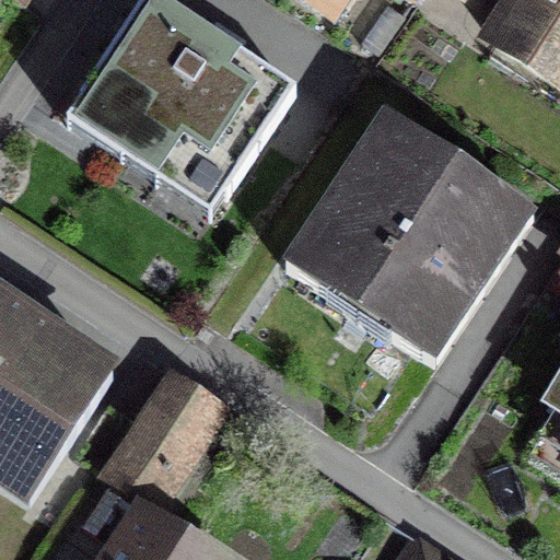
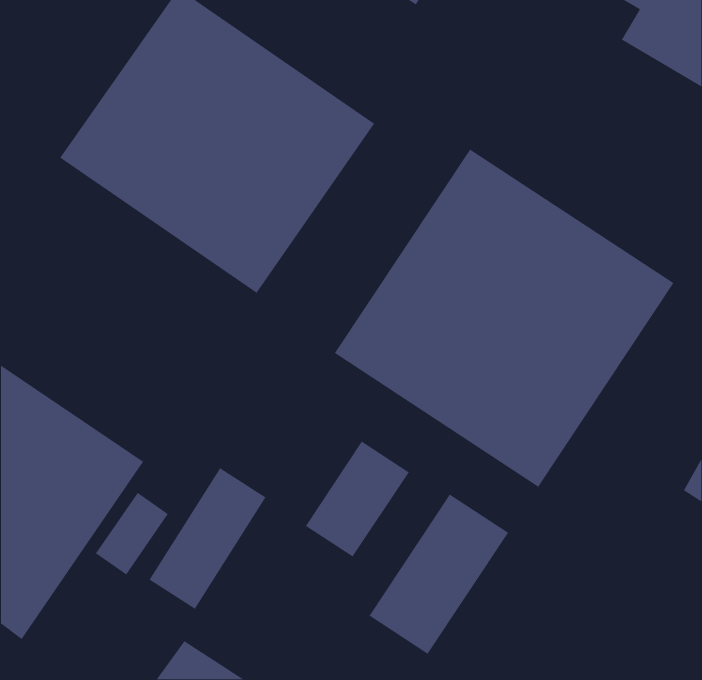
building: none -> [305,440,410,558]
building: none -> [368,494,509,655]

